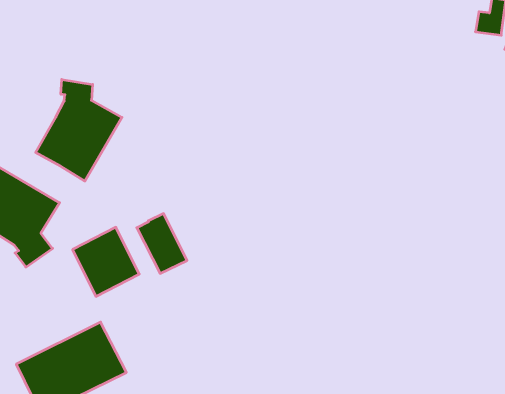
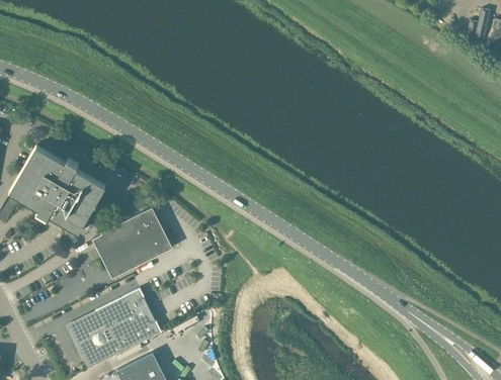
building: [36,79,122,181] -> none
building: [137,214,187,273] -> [91,226,135,278]

